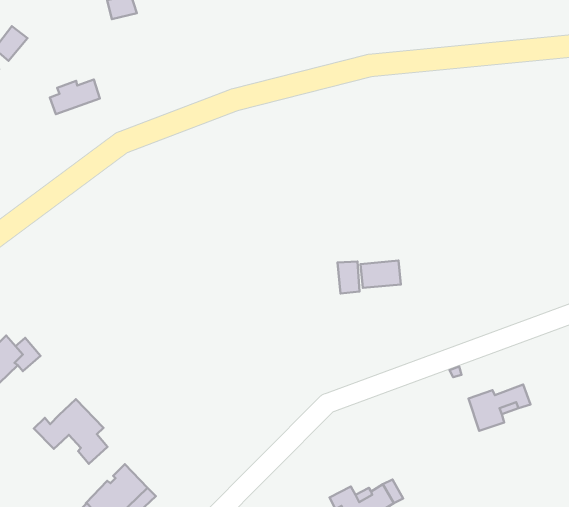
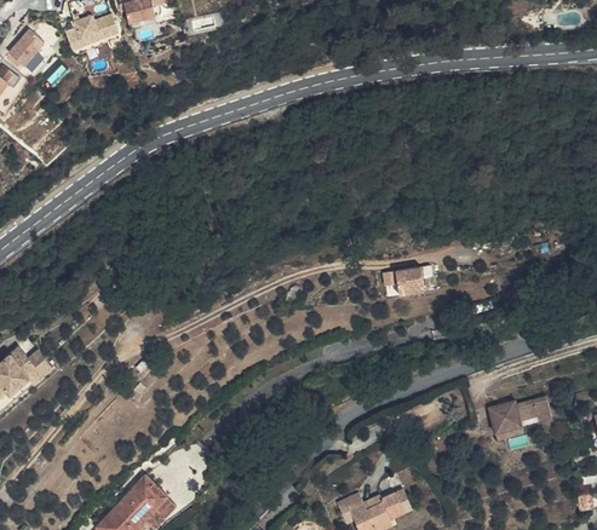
building: [50,80,100,114] -> [65,15,116,50]
building: [338,261,360,293] -> none
building: [34,399,108,464] -> none

